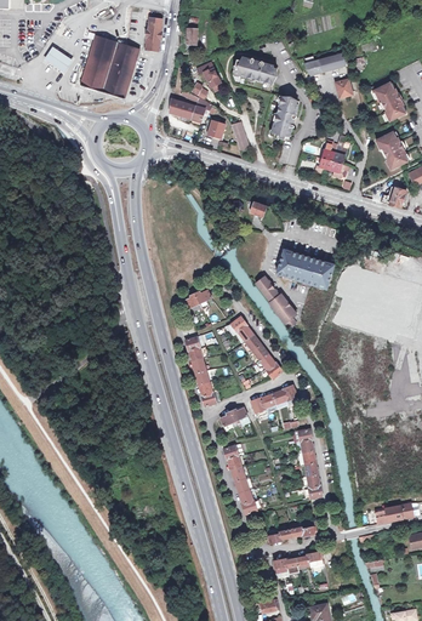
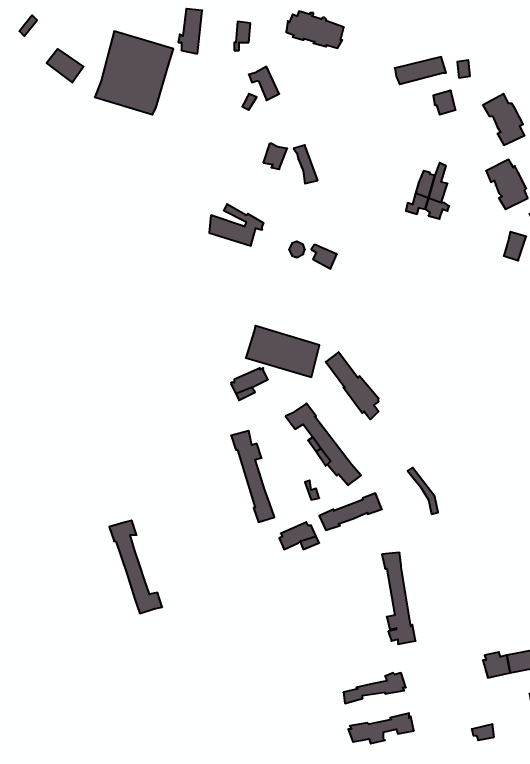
building: [234,55,278,82] -> [286,11,344,48]
building: [170,89,211,120] -> [209,204,264,246]
building: [272,96,298,138] -> none
building: [276,249,332,287] -> [246,326,319,377]
building: [222,443,262,513] -> [109,520,162,613]

